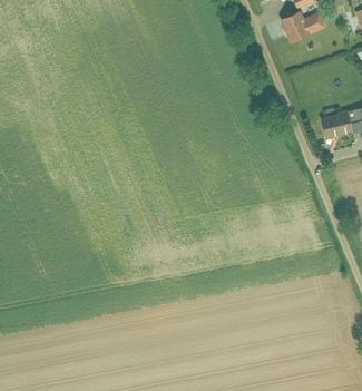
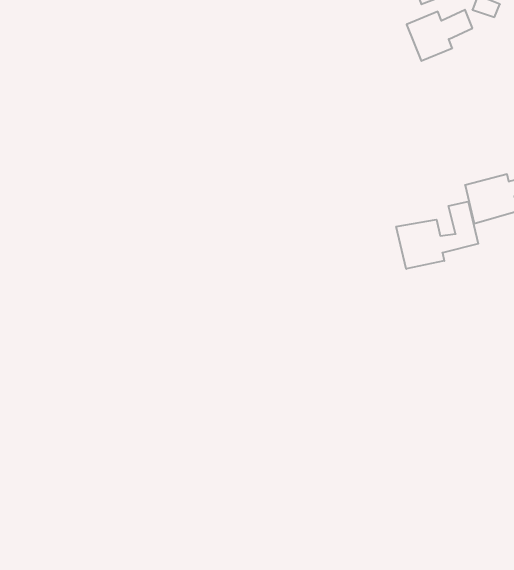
building: none -> [396,202,478,269]

